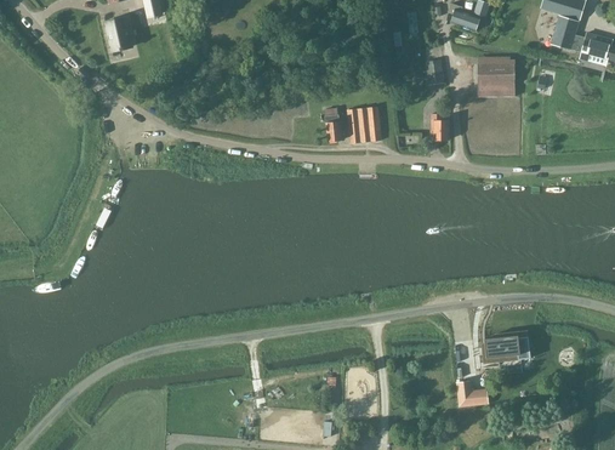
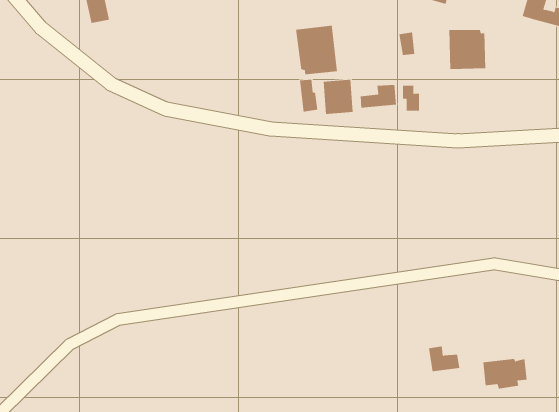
building: none -> [295,25,337,75]
building: none -> [360,84,396,108]
building: [478,335,524,366] -> [483,358,528,389]

